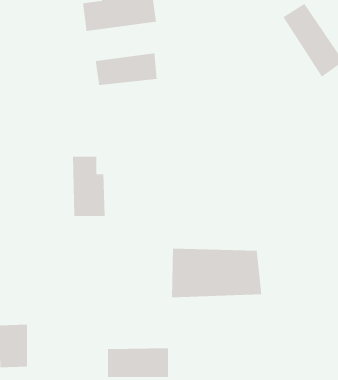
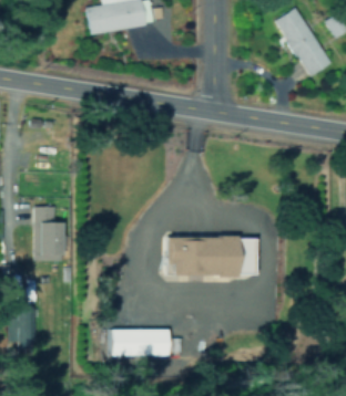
building: [95,52,157,86] -> none
building: [72,156,105,216] -> [31,206,62,262]

